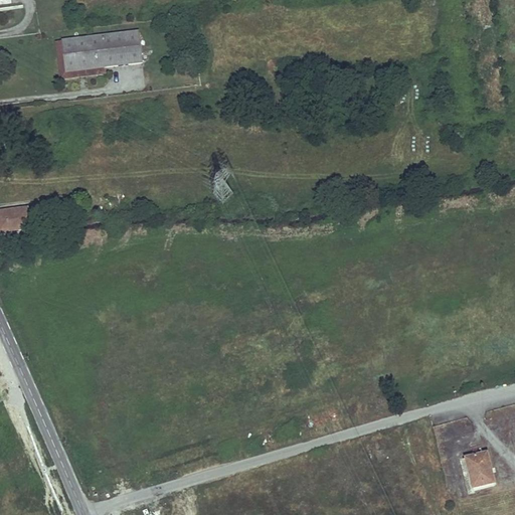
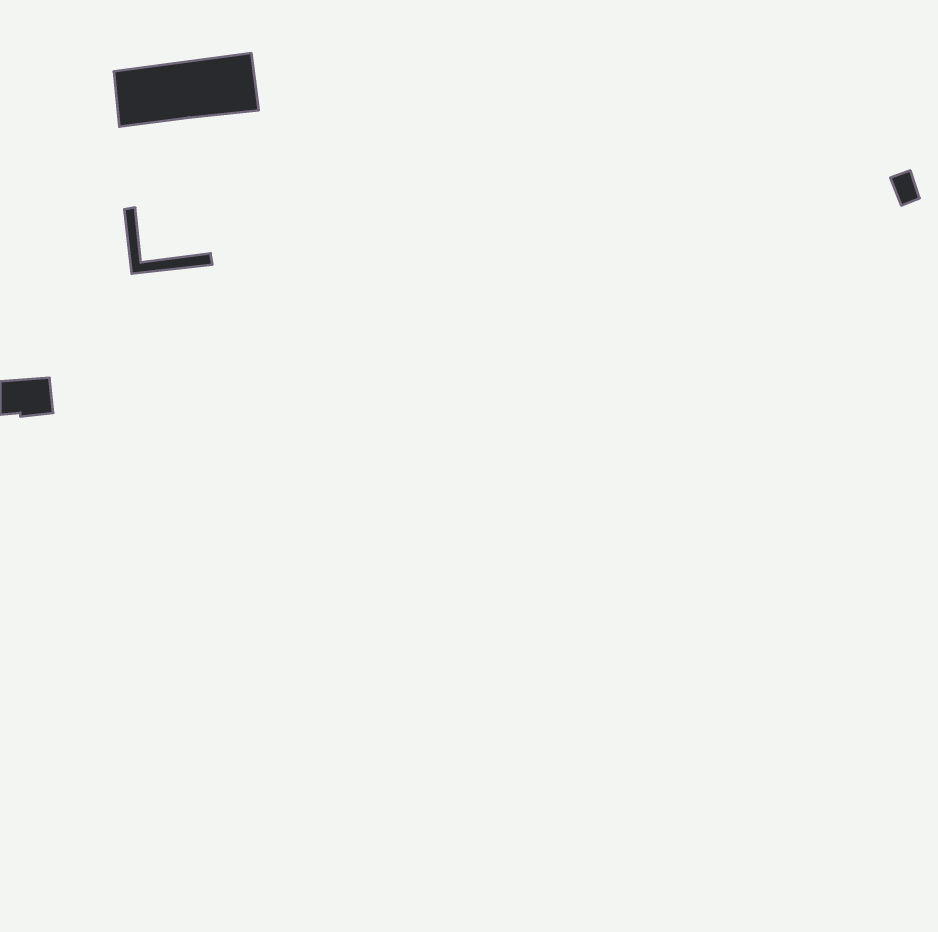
building: [56,39,105,75] -> [124,208,212,274]
building: [465,451,494,486] -> none

